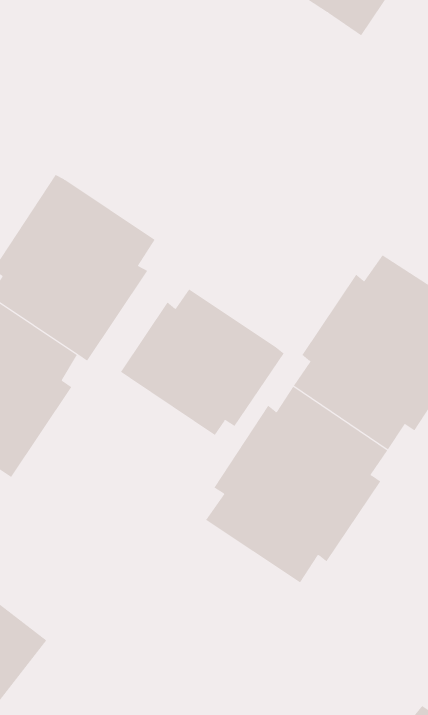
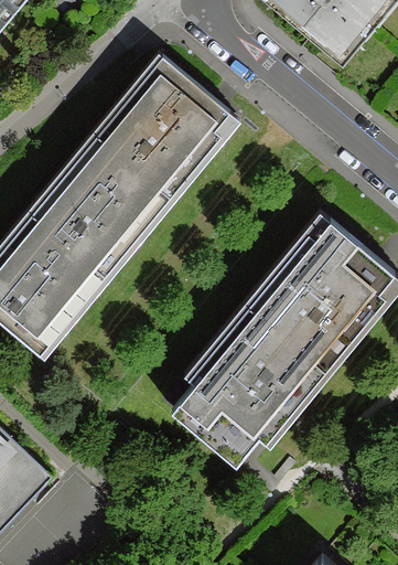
building: none -> [101,57,228,199]
building: [120,288,284,436] -> none

